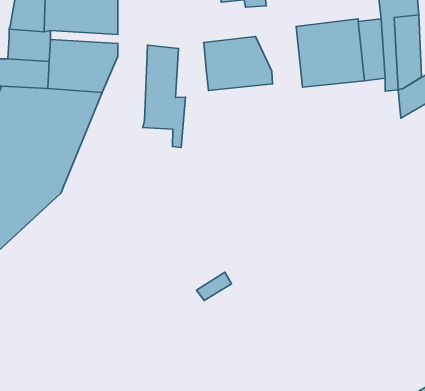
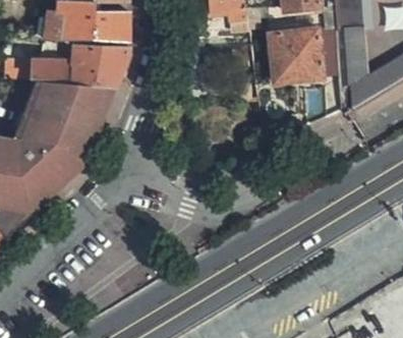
building: [204,36,272,90] -> none
building: [143,45,186,147] -> none

